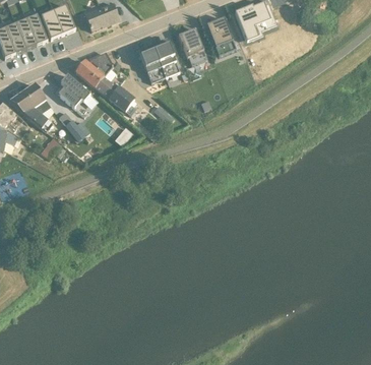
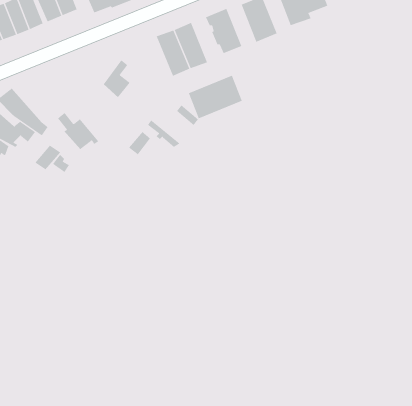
building: [75,53,112,88] -> none
building: [59,74,97,108] -> none
building: none -> [188,75,243,119]
building: [21,83,53,119] -> none
building: [106,87,135,116] -> none

